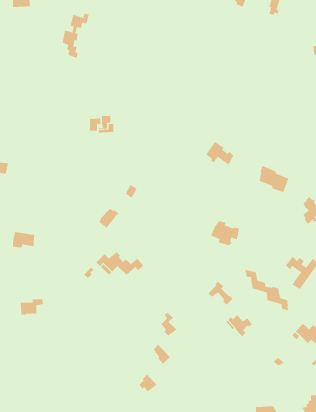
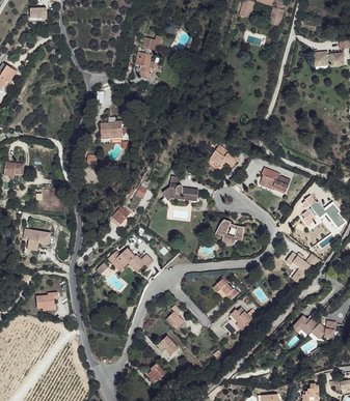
building: [62,13,89,58] -> [135,36,161,79]
building: none -> [162,176,197,201]
building: [245,269,289,311] -> none

